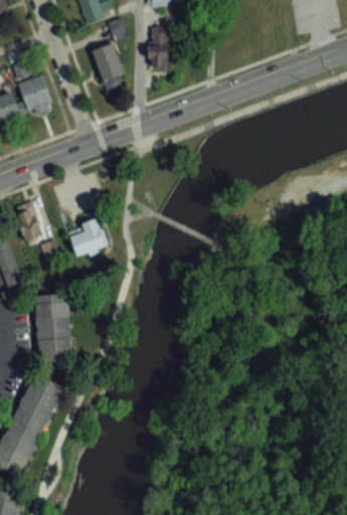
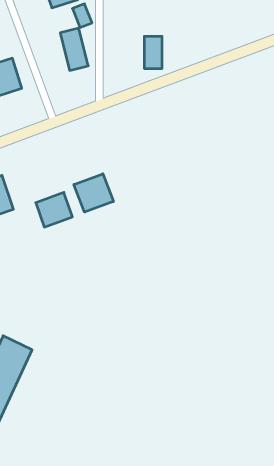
building: [149,31,168,65] -> [144,36,162,68]
building: none -> [74,174,113,212]
building: [35,294,73,363] -> none

